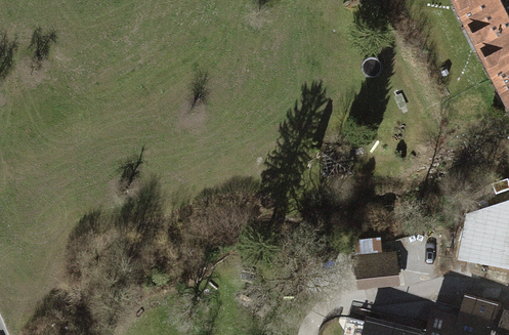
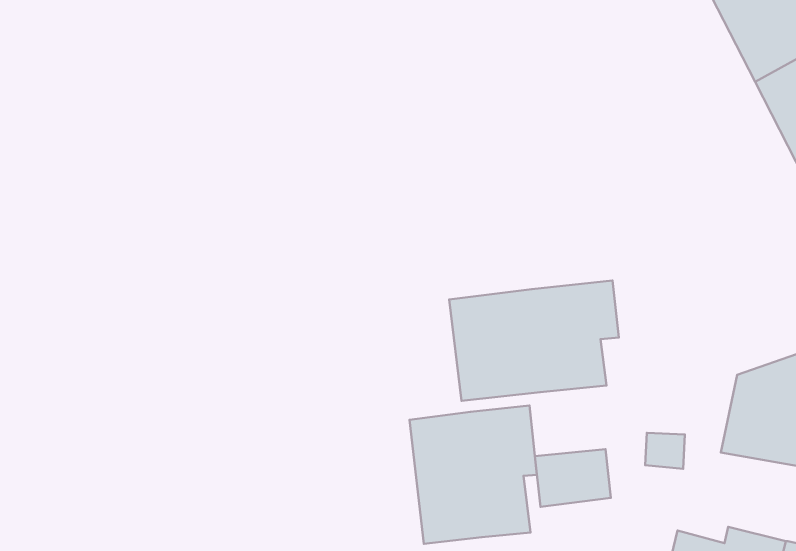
building: none -> [449,281,619,401]
building: none -> [410,405,537,544]

